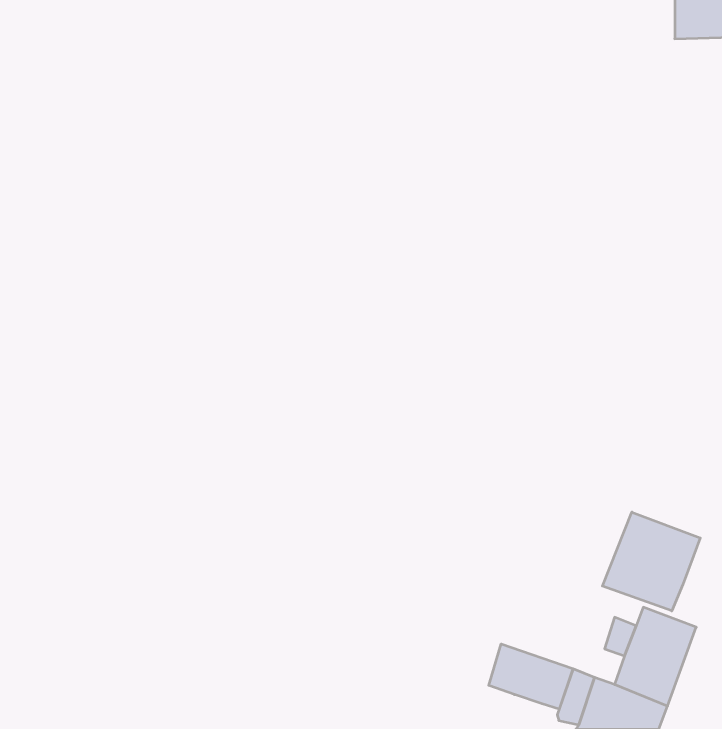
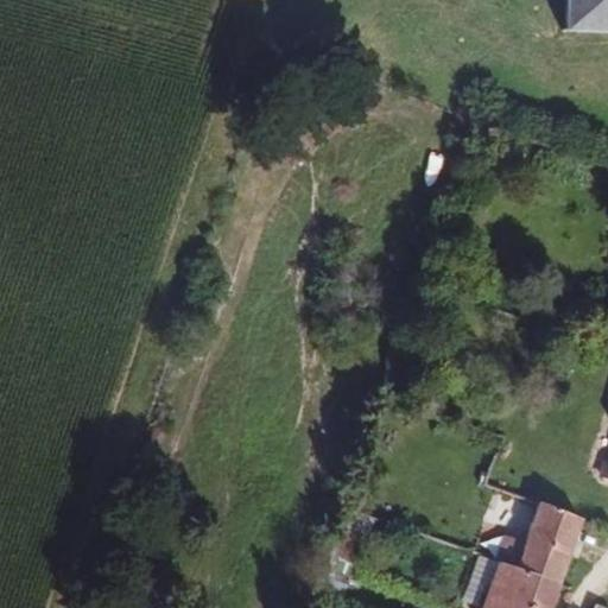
building: [602,512,700,611] -> none
building: [489,644,573,709] -> none

